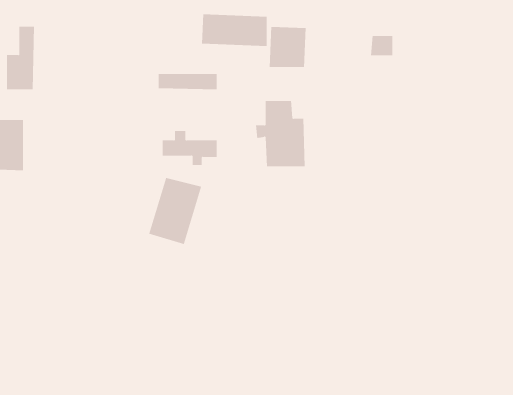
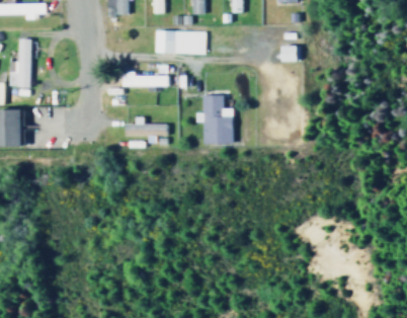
building: [269,26,306,68] -> none
building: [149,177,202,245] -> none

